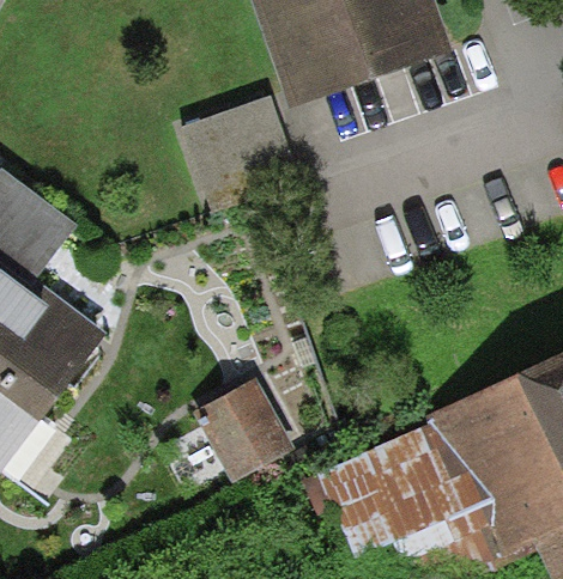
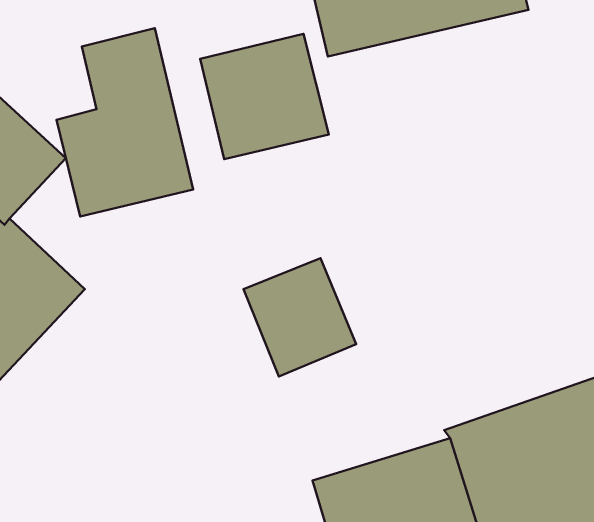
building: none -> [56,28,193,217]
building: [195,377,296,481] -> [243,258,356,377]

